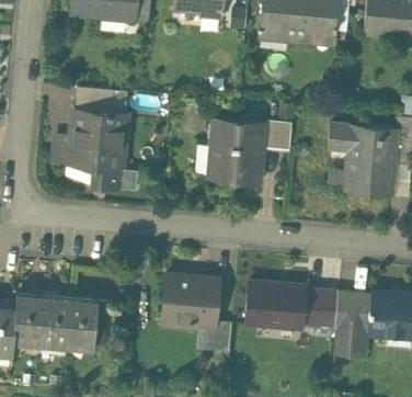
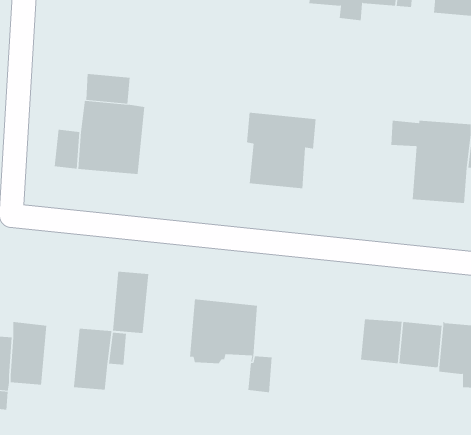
building: [264,121,290,151] -> none
building: [91,168,137,190] -> none
building: [244,281,306,327] -> none
building: [39,295,70,354] -> [112,271,149,343]
building: [333,327,366,355] -> none

